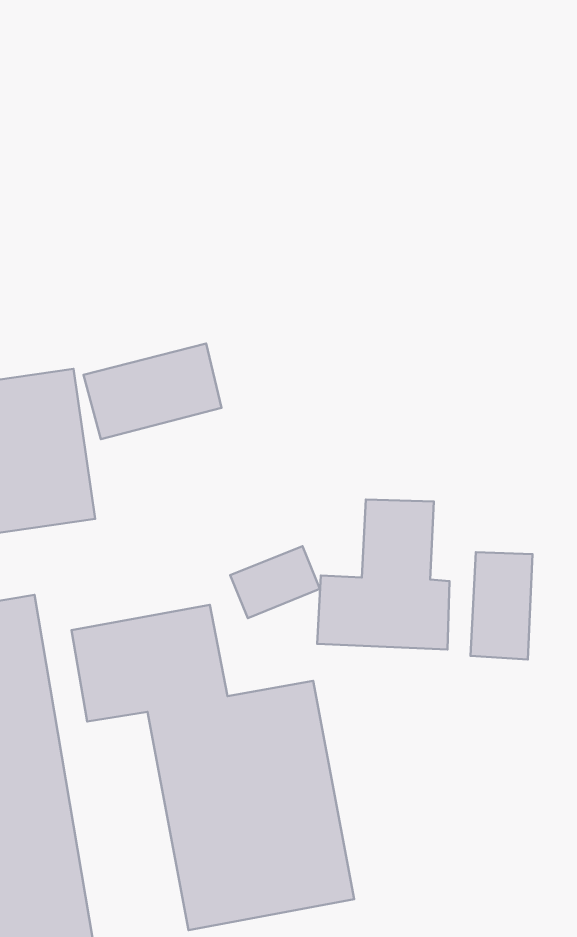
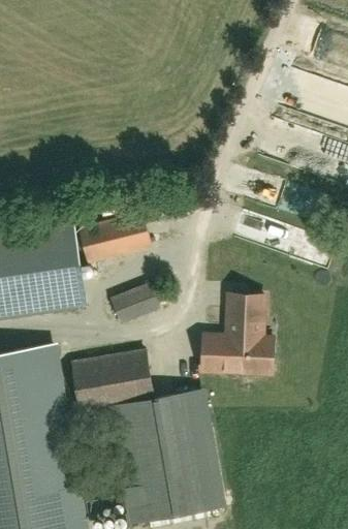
building: [230,546,320,618] -> [110,284,158,322]
building: [471,552,532,659] -> none

